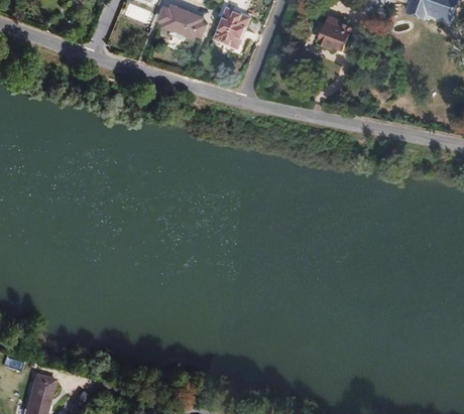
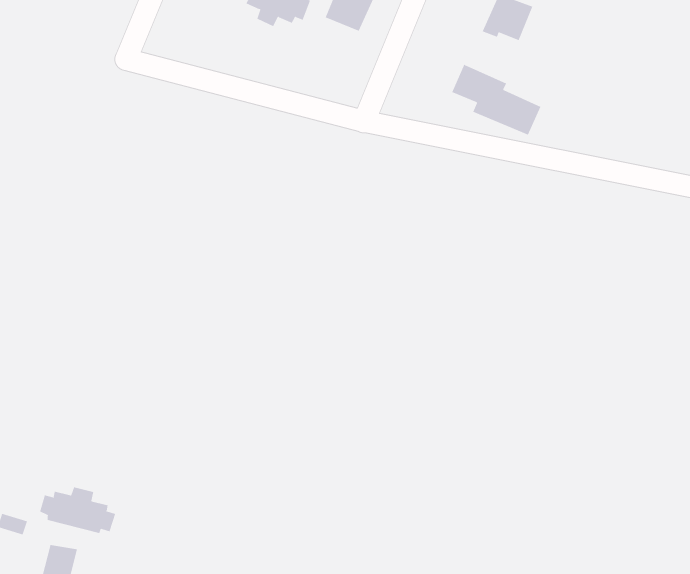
building: none -> [451,64,541,135]
building: none -> [39,487,116,534]

